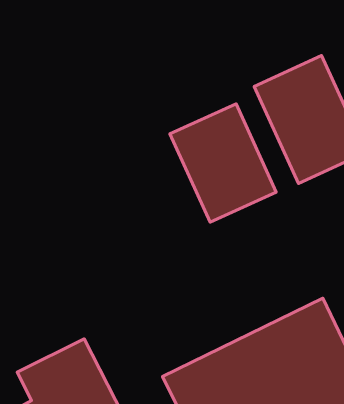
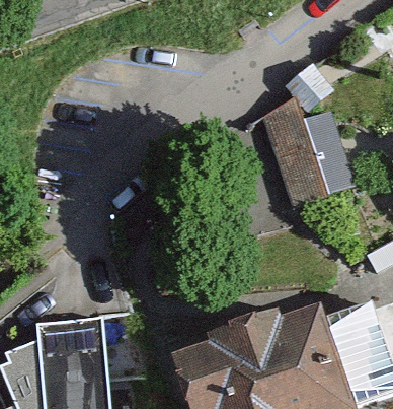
building: [170,104,276,222] -> none

